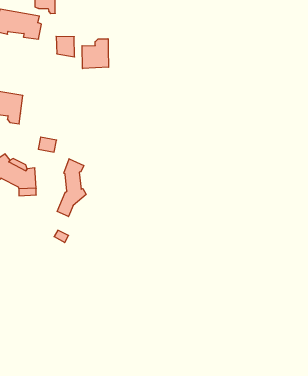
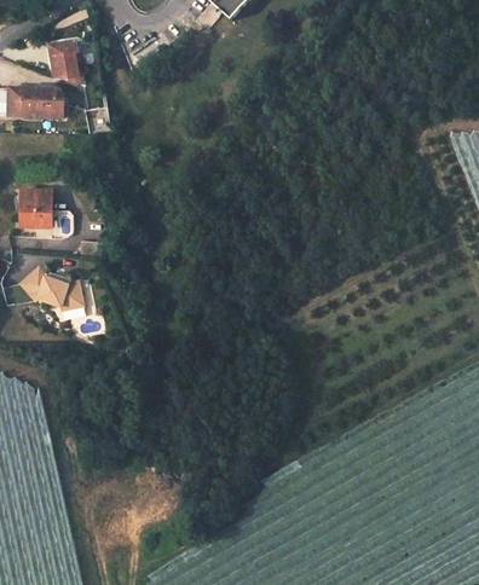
building: [82,39,109,69] -> none
building: [57,159,86,217] -> none

